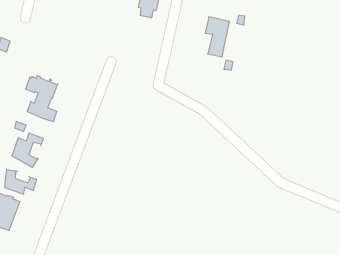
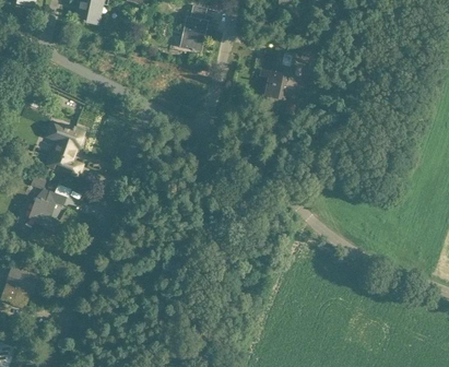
building: [5,169,37,194] -> none

